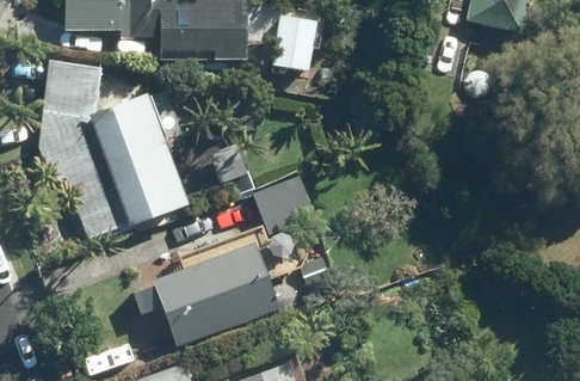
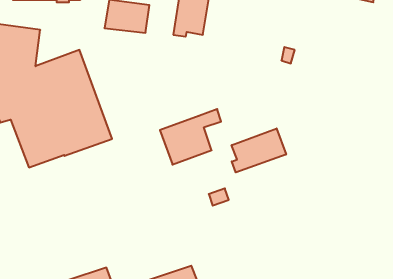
building: none -> [232,128,286,172]
building: [132,242,282,345] -> none

